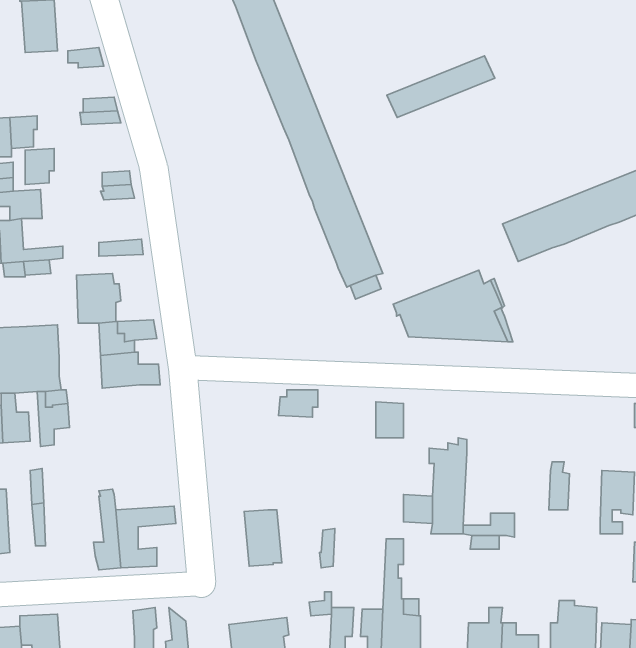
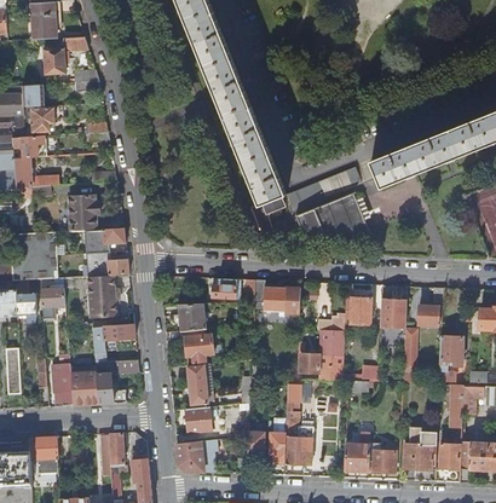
building: [387,56,495,117] -> [284,168,361,212]
building: none -> [41,47,64,75]
building: none -> [86,274,115,318]
building: none -> [253,279,279,312]
building: none -> [417,287,442,325]
building: none -> [344,296,370,324]
building: none -> [380,297,405,329]
building: none -> [175,303,206,330]
building: none -> [91,325,134,352]
building: none -> [184,334,212,362]
building: none -> [50,349,71,406]
building: none -> [185,406,217,432]

